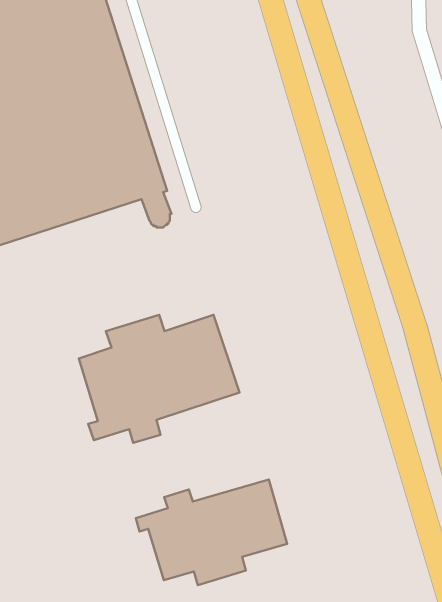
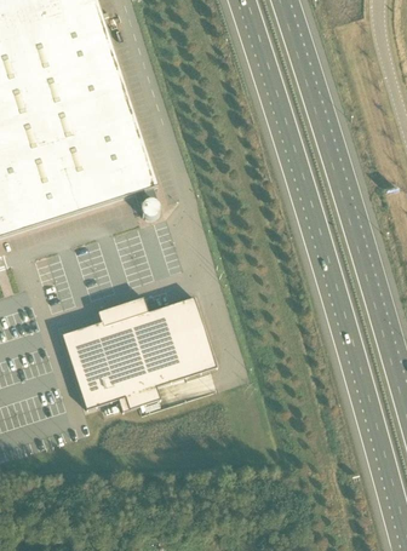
building: [136,479,287,585] -> none

